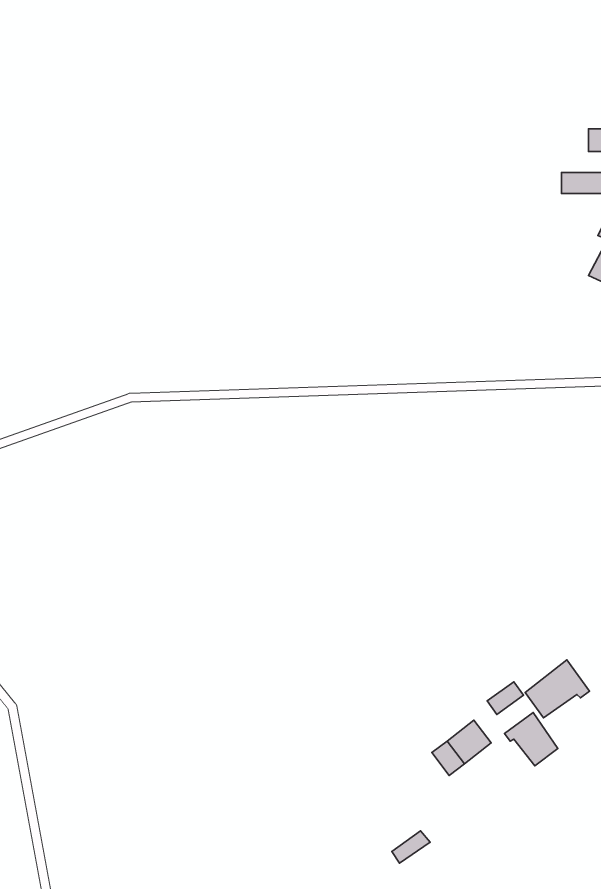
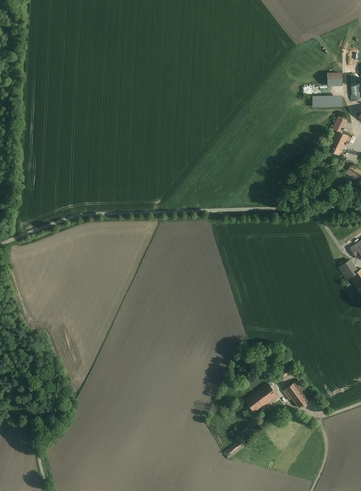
building: [525,660,590,718] -> none

